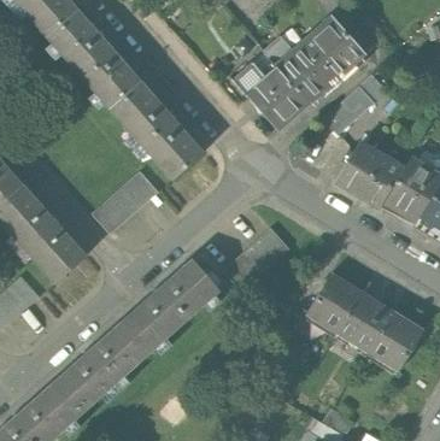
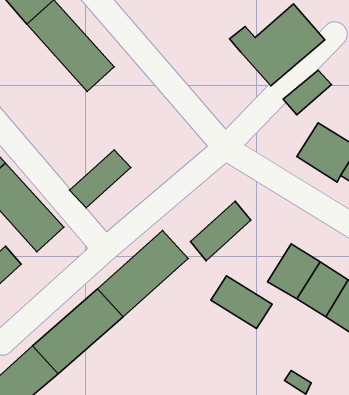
building: [233,61,311,129] -> none
building: [113,82,205,178] -> none
building: none -> [211,276,272,329]

